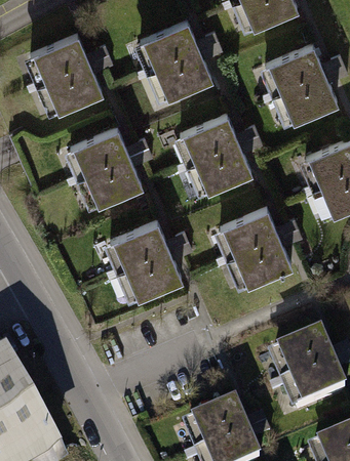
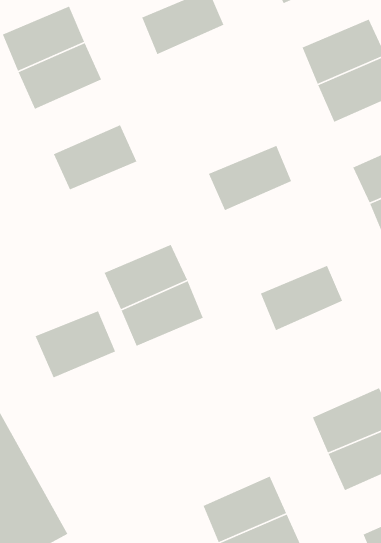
building: [145,46,211,99] -> none
building: [172,111,239,163] -> none
building: [76,154,142,206] -> none
building: [212,205,279,257] -> none
building: none -> [35,310,116,379]

